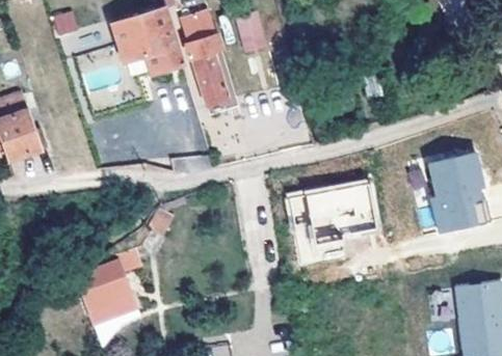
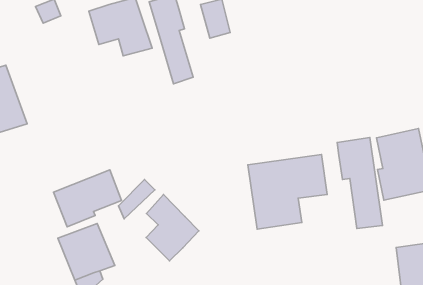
building: none -> [337,138,383,228]
building: none -> [54,170,121,227]
building: none -> [146,194,199,261]

